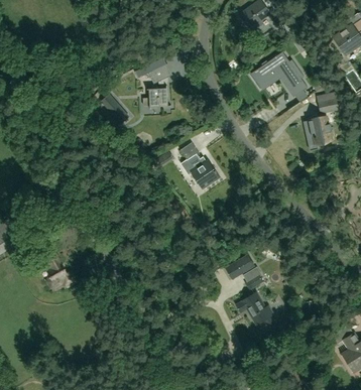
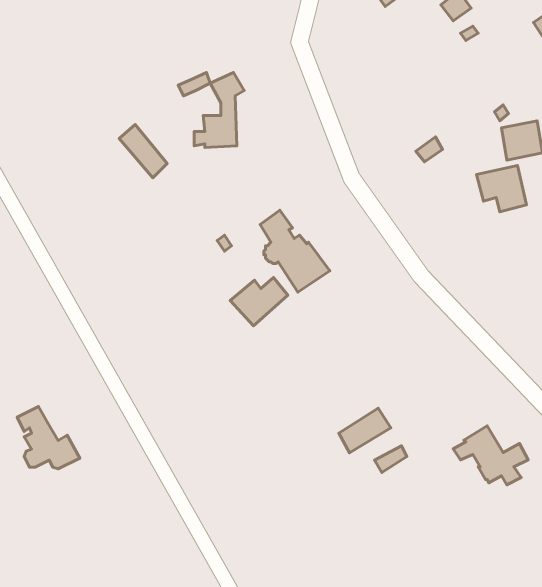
building: [251,51,307,95] -> none
building: none -> [230,278,288,326]
building: [236,292,278,326] -> [453,426,528,485]

